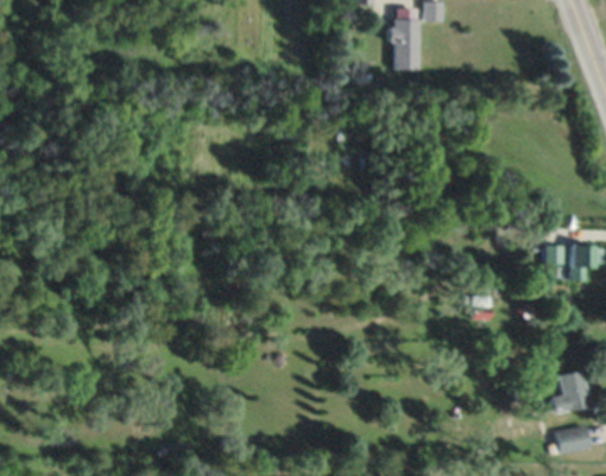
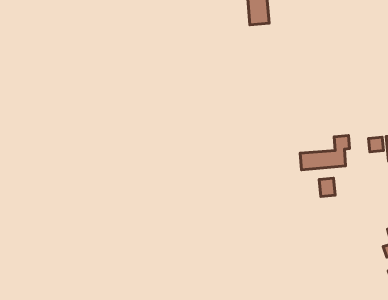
building: none -> [300,136,350,170]

